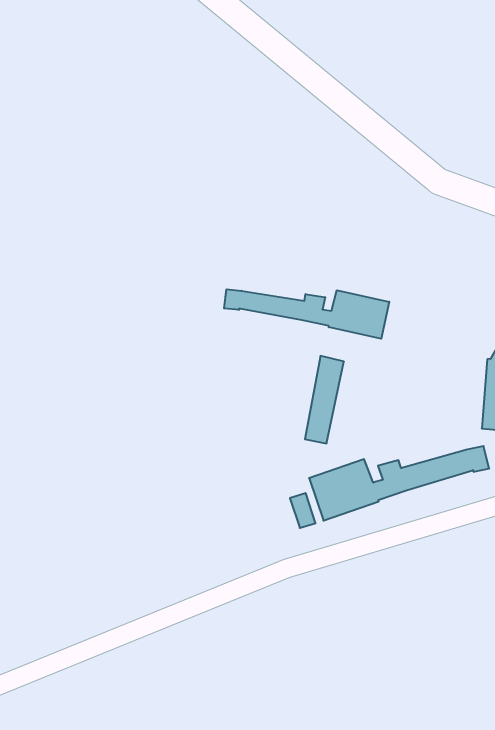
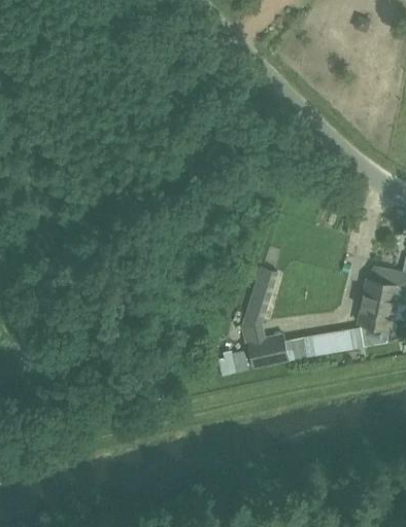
building: [224,289,389,339] -> none

